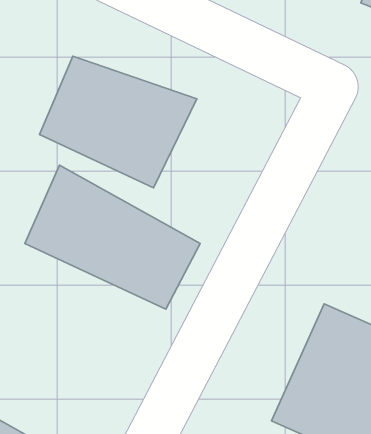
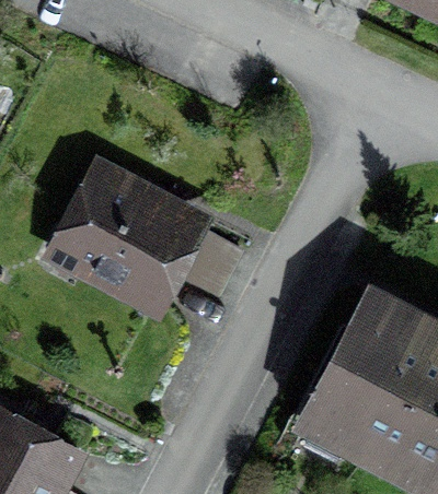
building: [39,56,197,188] -> none

